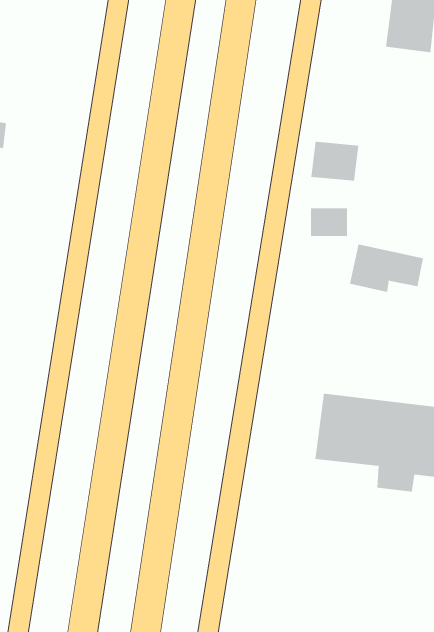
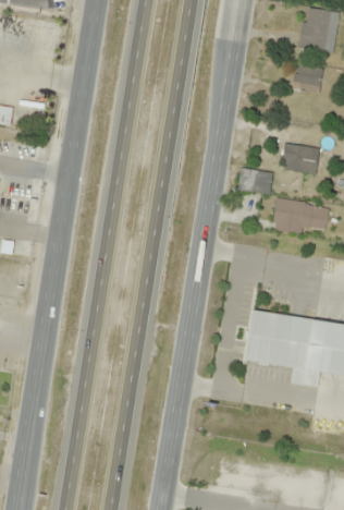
building: none -> [294,63,322,92]
building: [310,141,359,181] -> [282,143,319,173]

